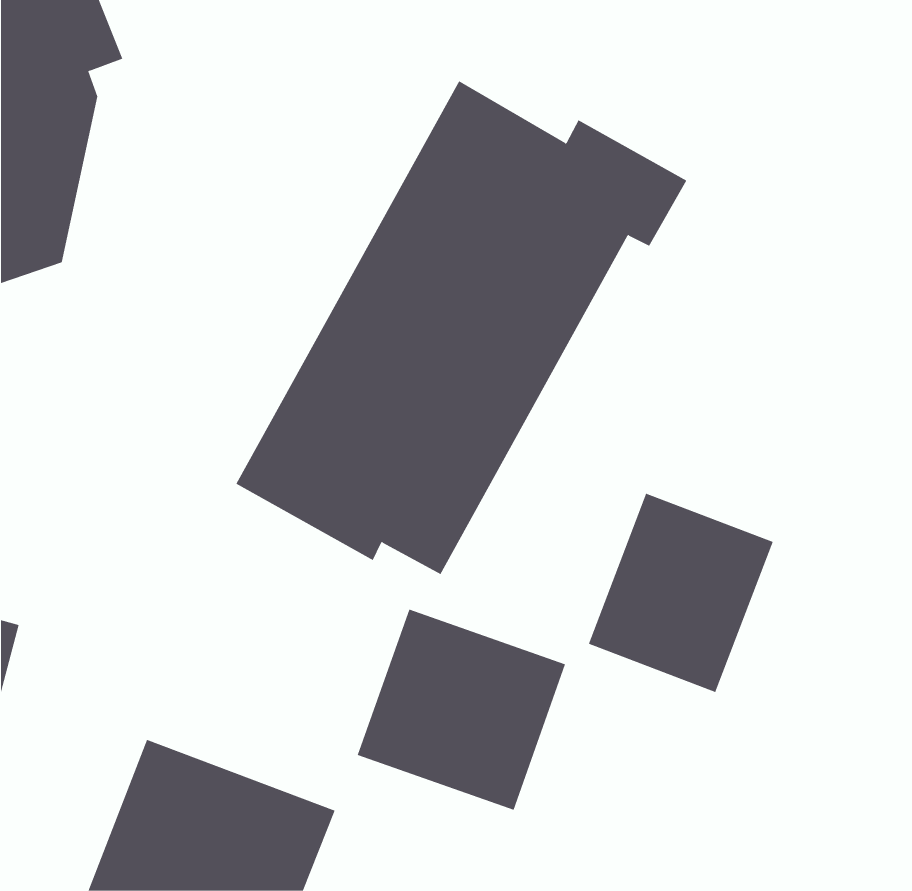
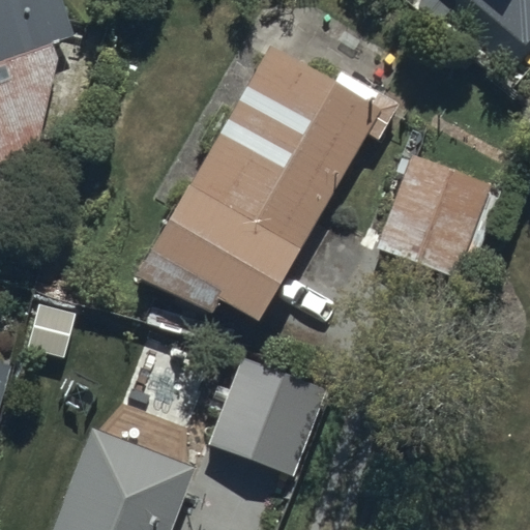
building: none -> [372,152,491,277]
building: [588,493,773,693] -> none

